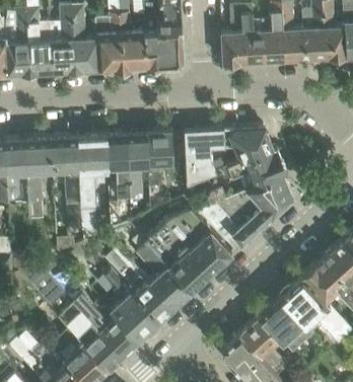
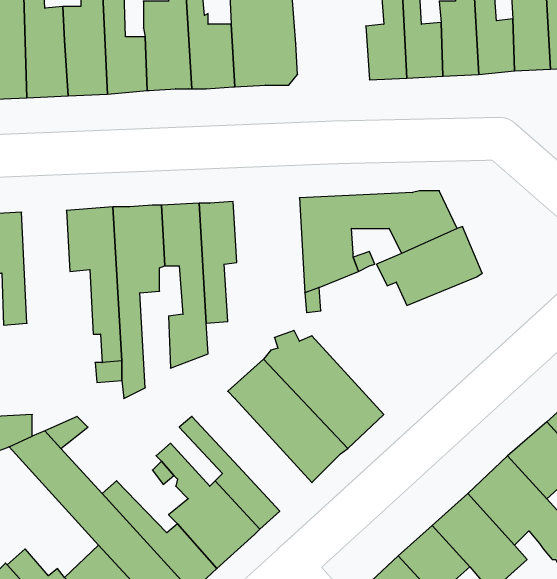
building: [147,134,174,213] -> none
building: [27,140,55,222] -> none
building: [200,177,294,253] -> none
building: [134,239,192,310] -> none

